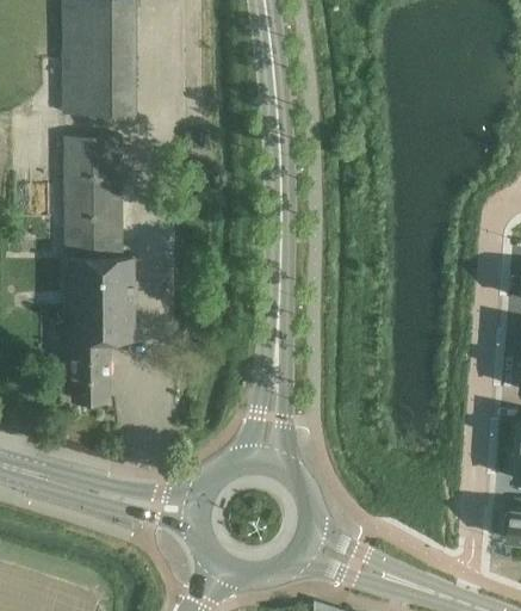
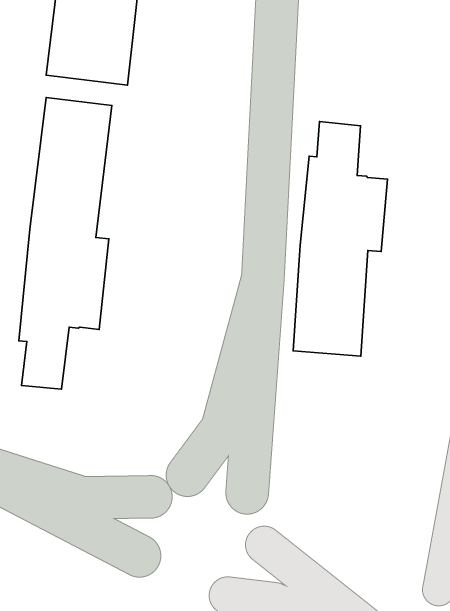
building: none -> [293,121,388,356]

